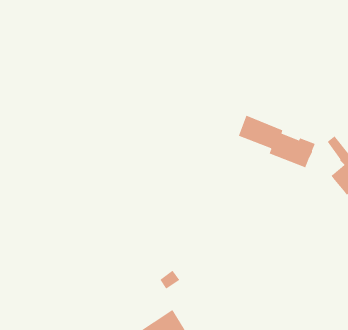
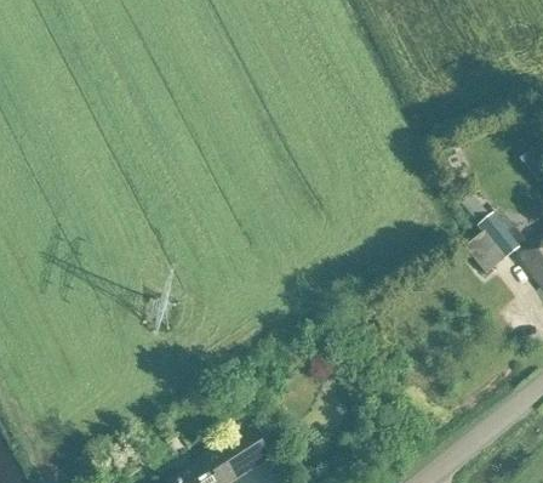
building: [238,115,316,168] -> none

